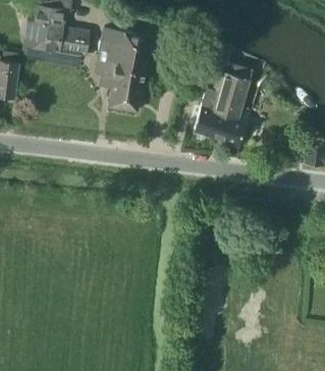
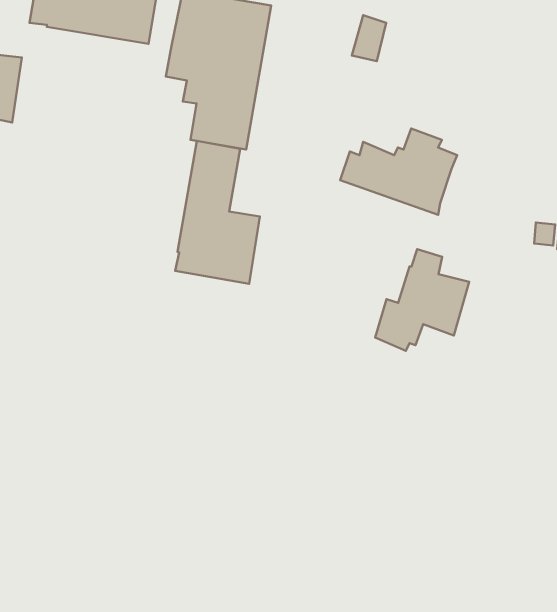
building: [200,62,250,116] -> [375,249,469,351]
building: none -> [175,141,260,284]

